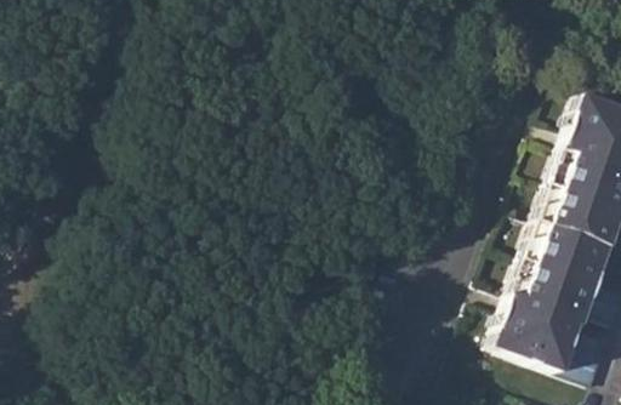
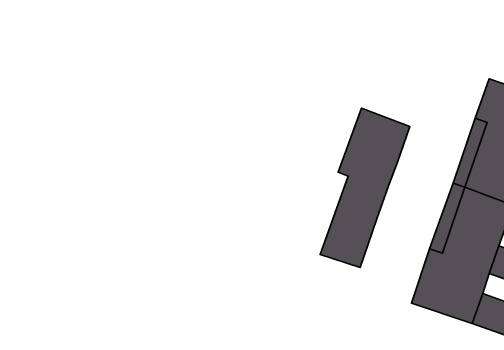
building: none -> [320,108,410,267]

